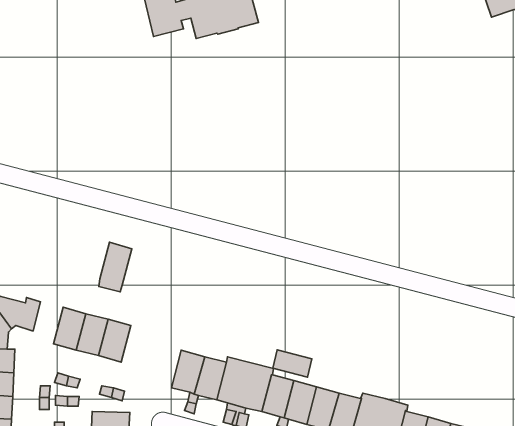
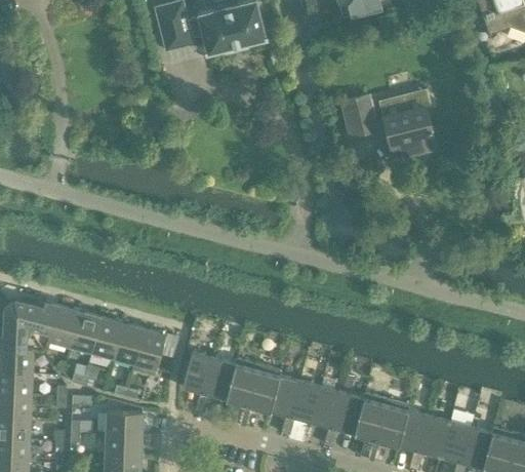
building: none -> [340,95,436,159]
building: [99,242,132,292] -> [133,328,165,376]
building: none -> [47,306,79,346]
building: [273,350,312,377] -> none

